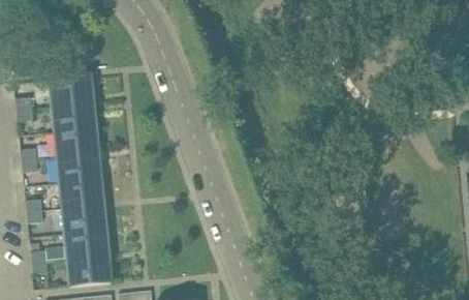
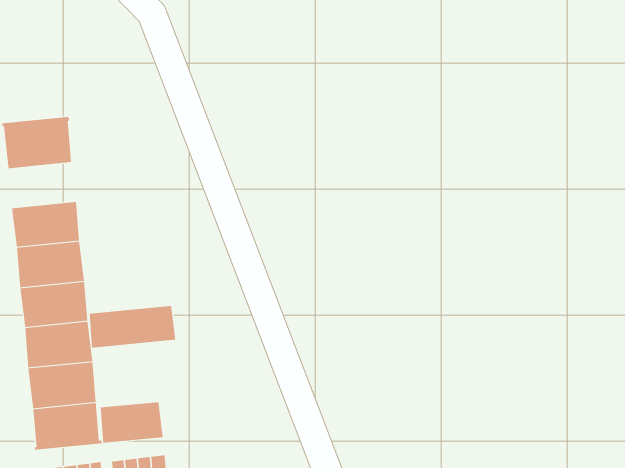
building: [53,103,96,132] -> none
building: none -> [89,305,176,349]
building: none -> [100,401,163,443]

